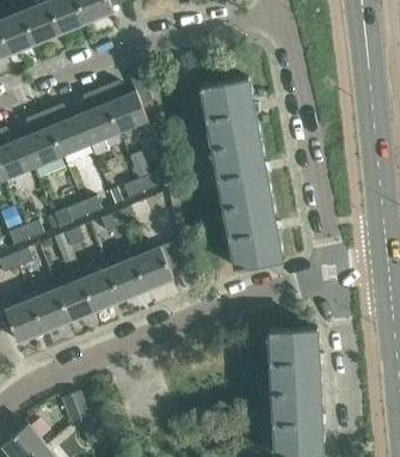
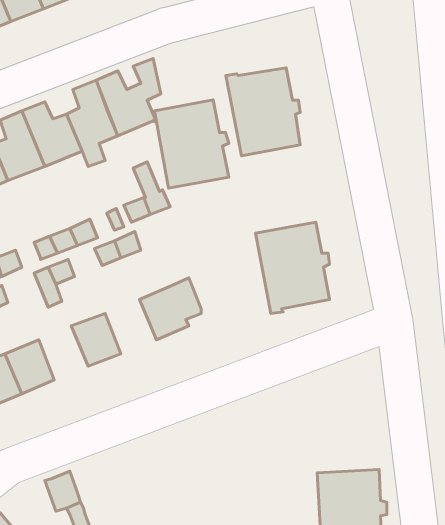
building: [214,139,271,207] -> [155,100,229,188]
building: [109,258,148,300] -> none
building: [57,279,96,321] -> none
building: [270,329,324,392] -> none

